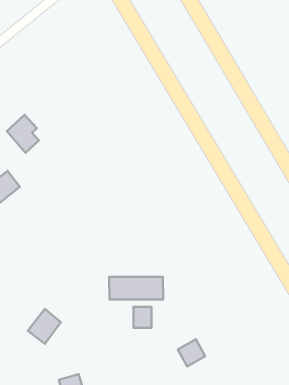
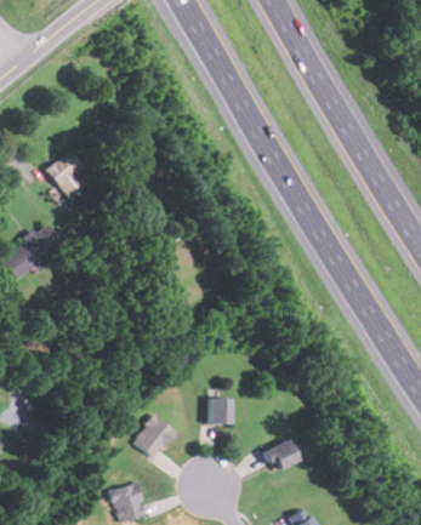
building: [109,277,163,300] -> none
building: [28,309,61,344] -> [132,415,175,460]

